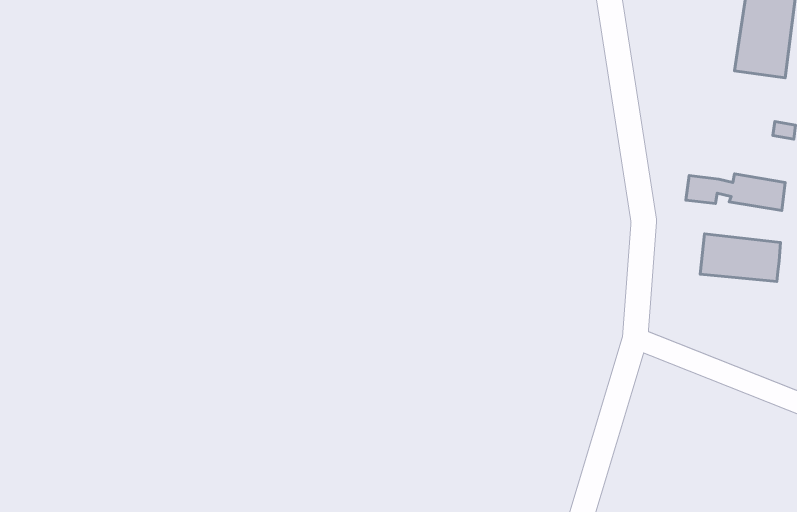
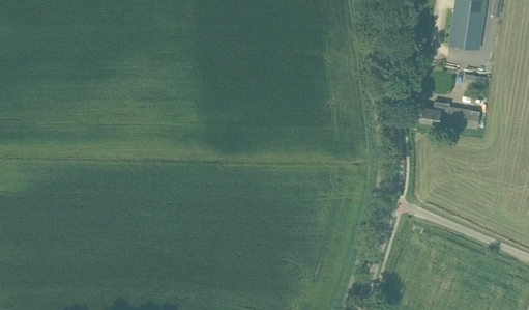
building: [700,234,781,282] -> none

